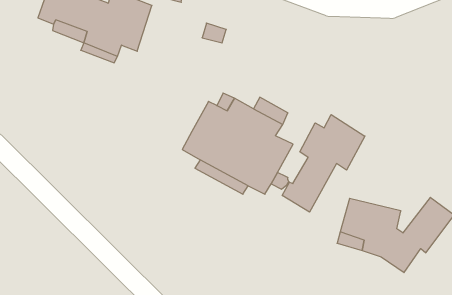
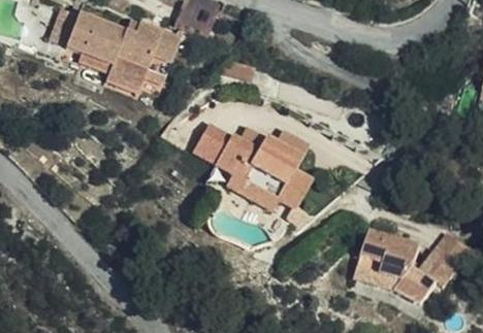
building: none -> [189,122,228,165]
building: [282,115,365,212] -> none

